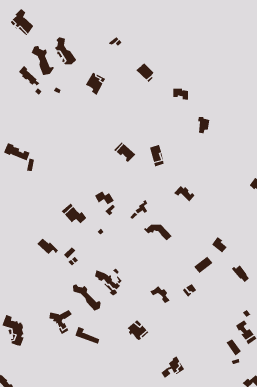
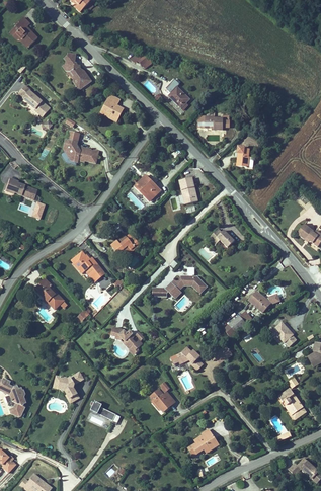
building: [31,45,54,76] -> none
building: none -> [63,133,97,164]
building: [72,283,101,312] -> none

